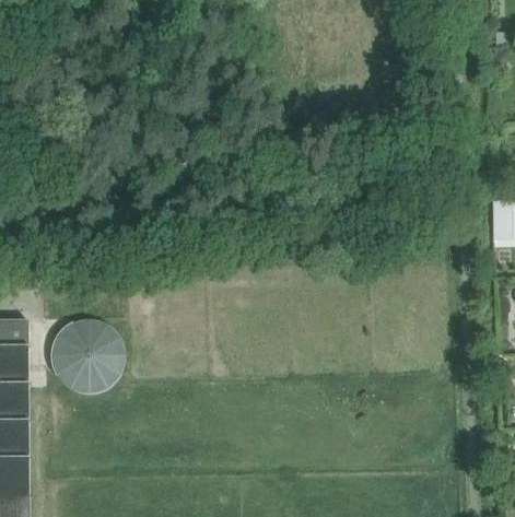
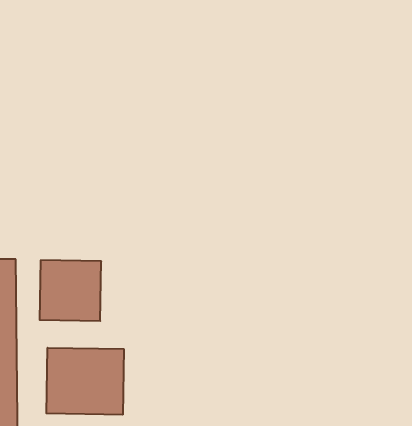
building: none -> [46,348,124,415]

